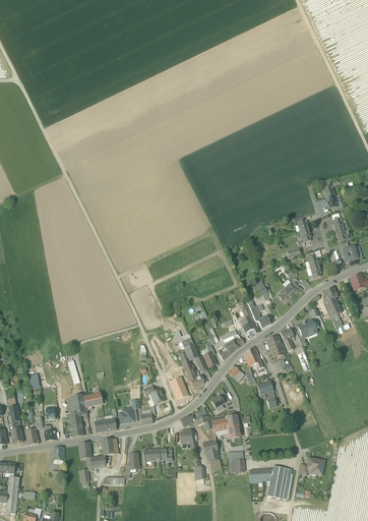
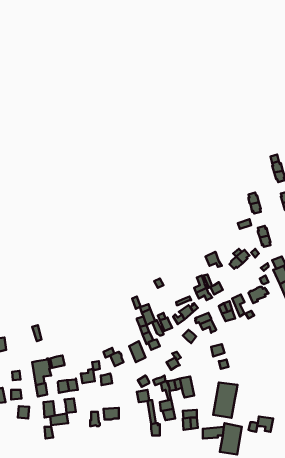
building: none -> [213,382,237,418]

